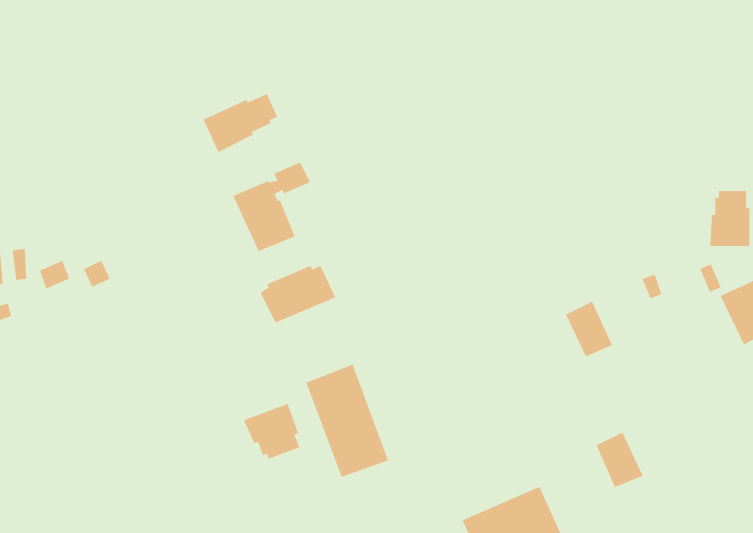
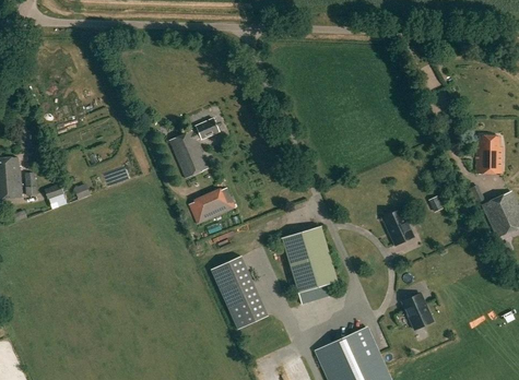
building: [203,93,278,153] -> none
building: none -> [281,226,337,292]
building: [243,403,300,460] -> none

